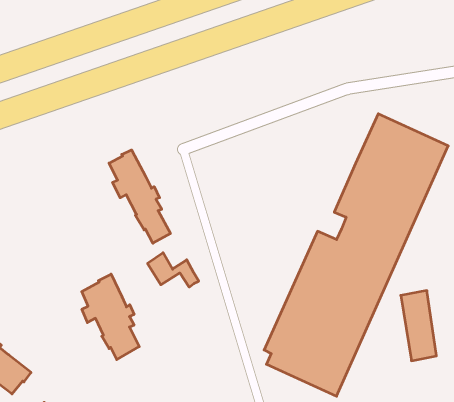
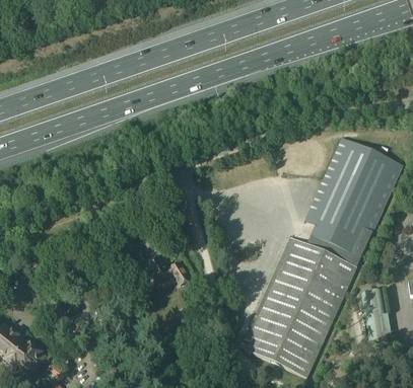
building: [109,150,170,243] -> none
building: [82,274,139,360] -> none

